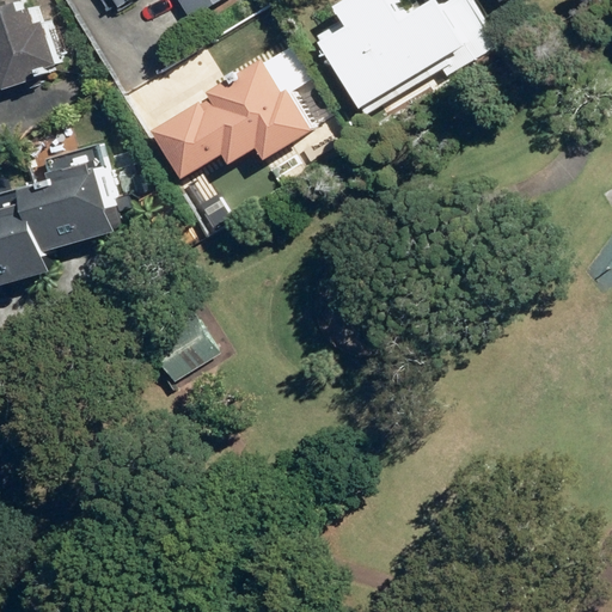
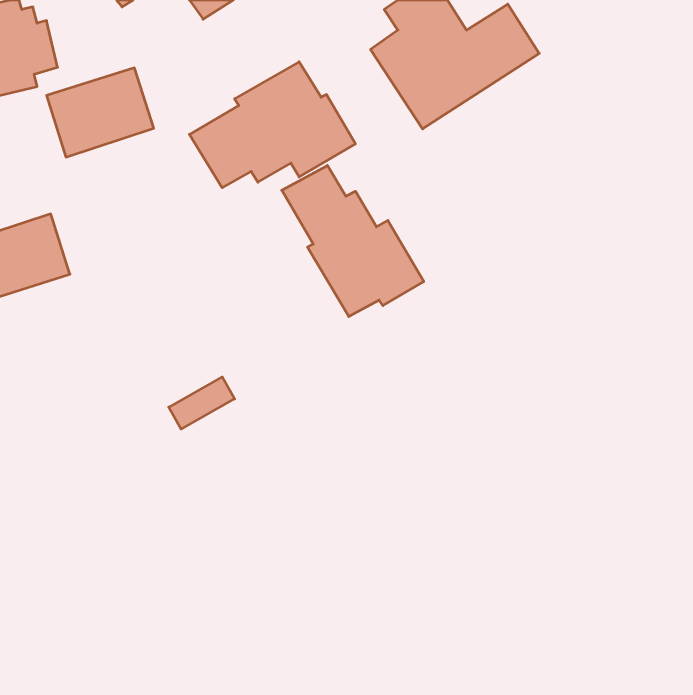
building: none -> [282,165,424,317]
building: [42,152,135,230] -> [47,68,154,157]

